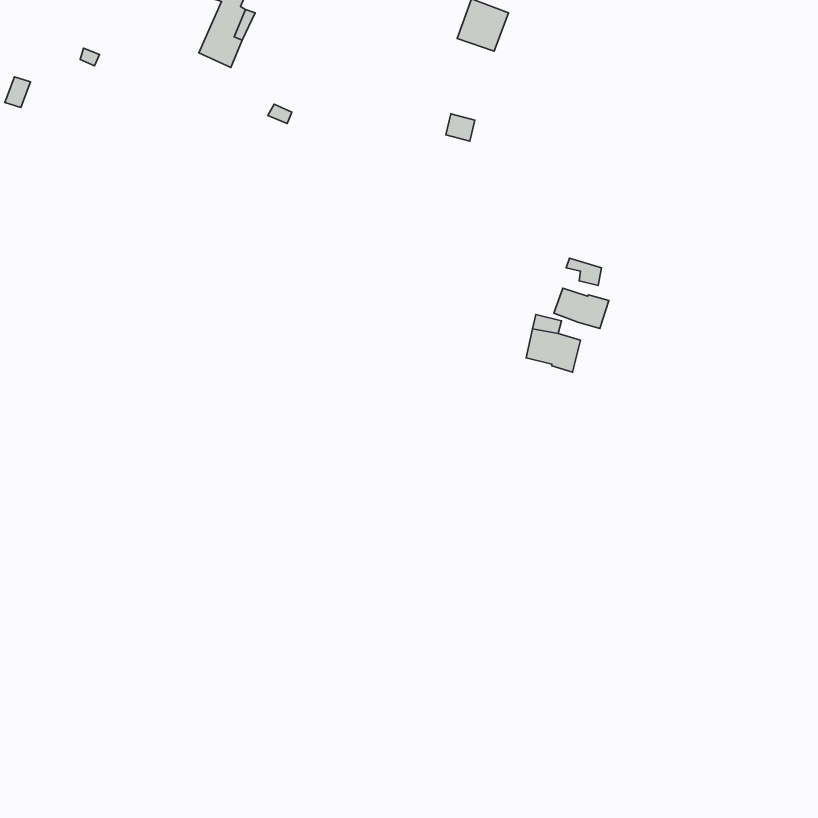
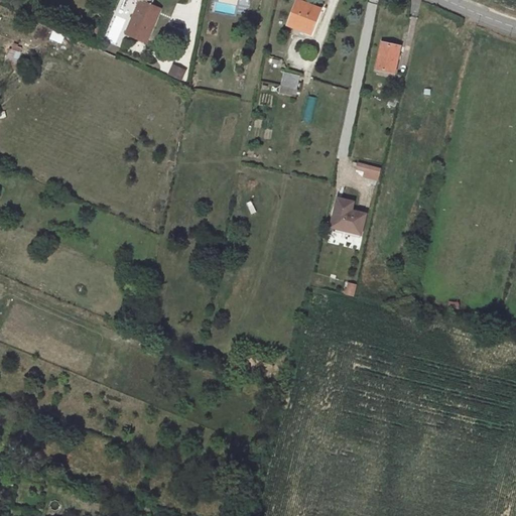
building: none -> [375,41,400,73]
building: [554,288,609,329] -> none

